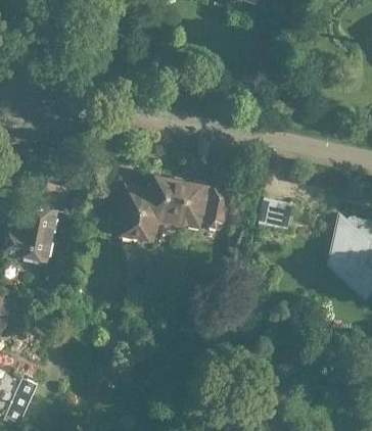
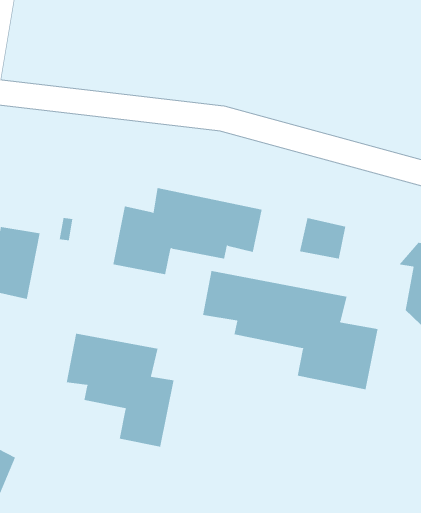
building: none -> [203,270,378,390]
building: none -> [66,333,174,448]

